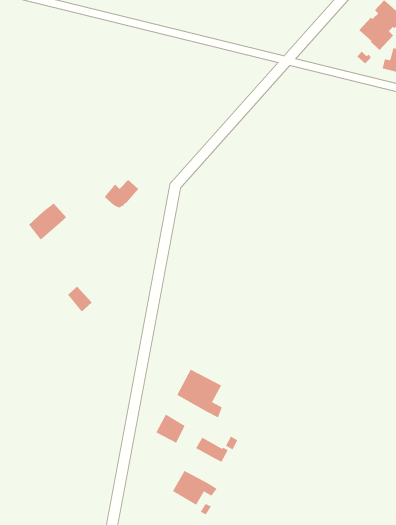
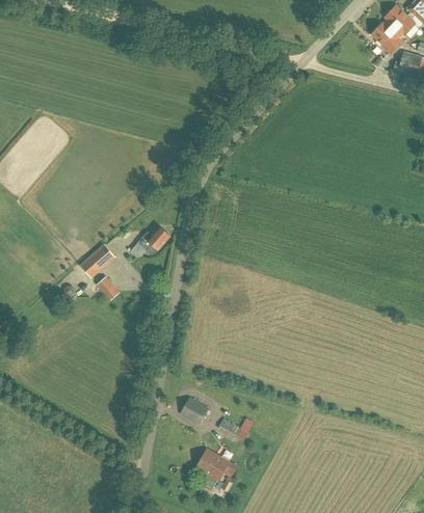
building: [104,179,139,208] -> [137,226,170,253]
building: [28,203,67,240] -> [80,243,116,278]
building: [176,369,223,418] -> none

